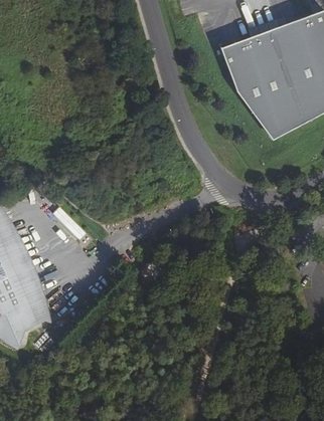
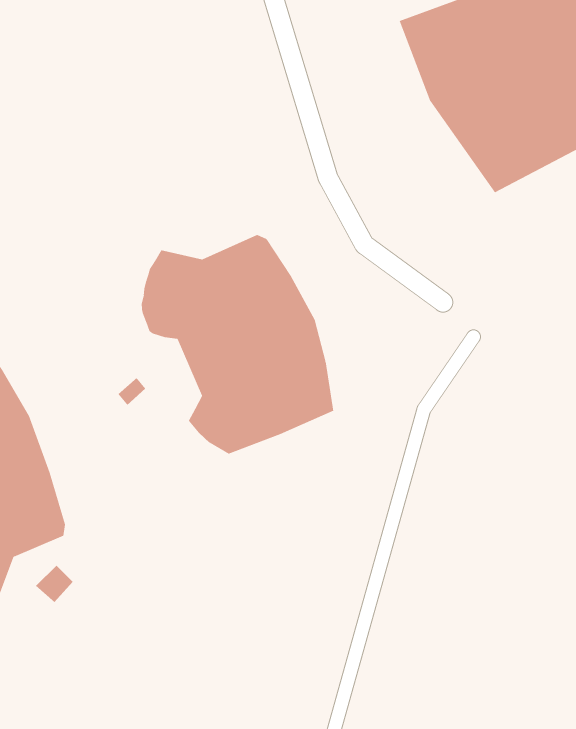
building: none -> [141,234,334,454]

